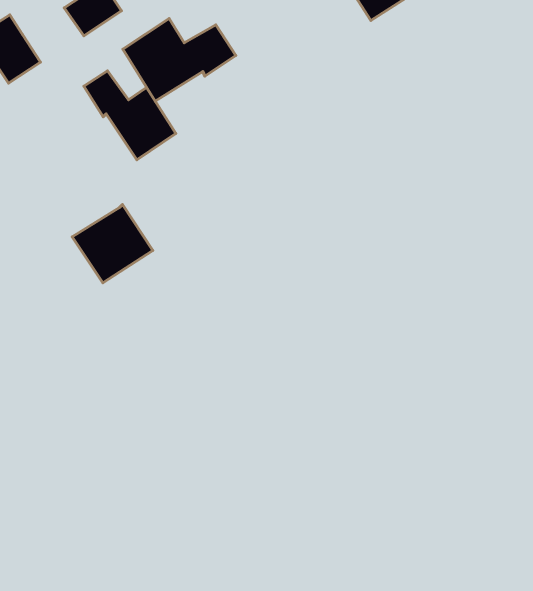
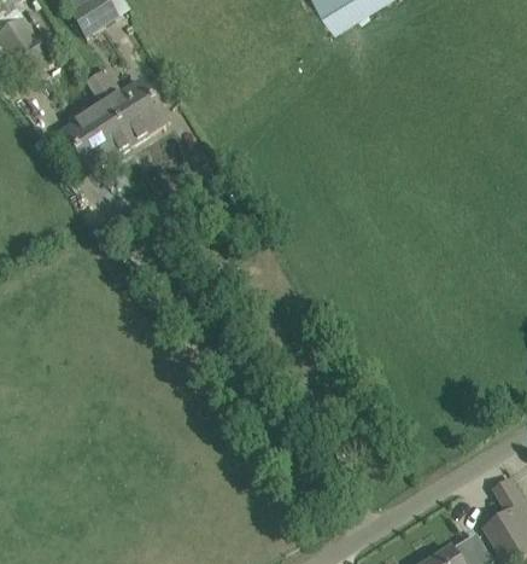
building: [123,19,236,101] -> none
building: [72,205,153,283] -> [63,101,133,169]

